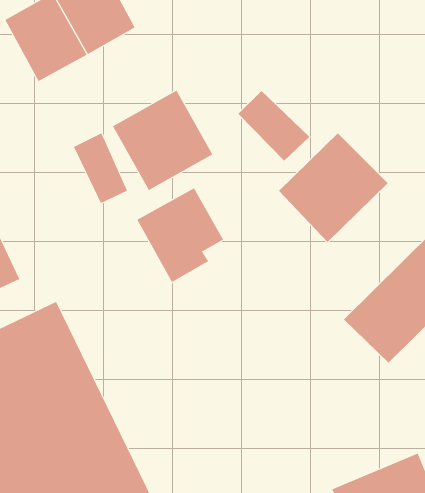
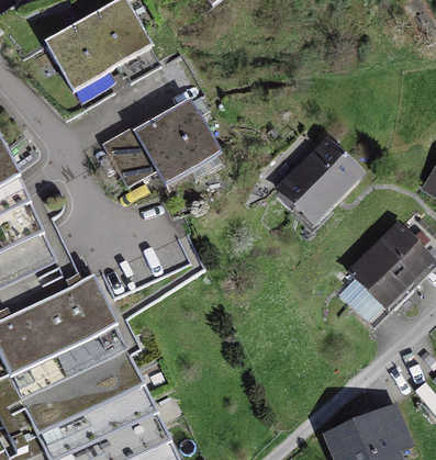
building: [237,90,310,161] -> none
building: [137,187,224,283] -> none

